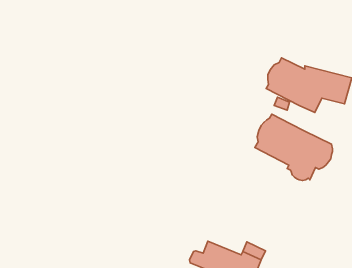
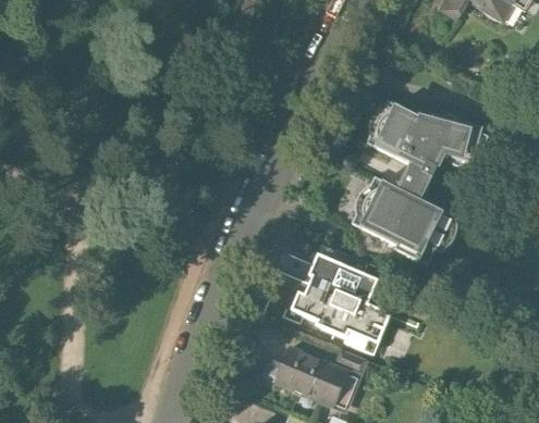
building: none -> [400,164,432,199]
building: none -> [291,253,390,341]

